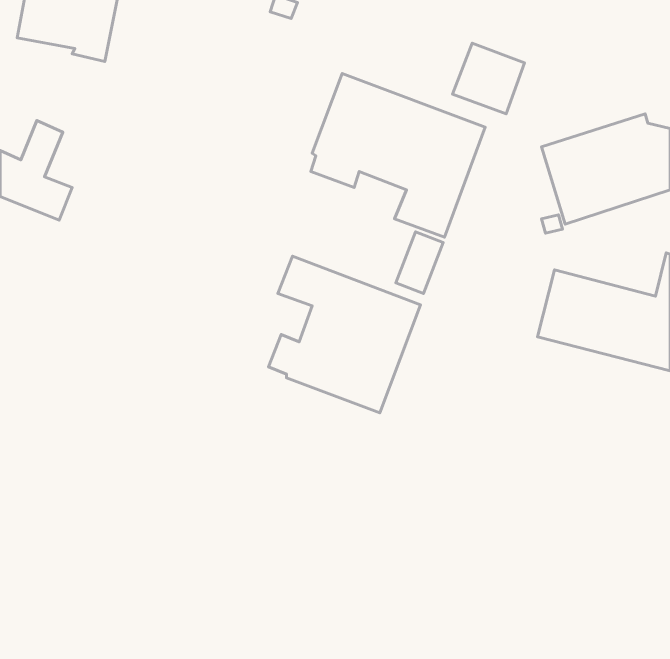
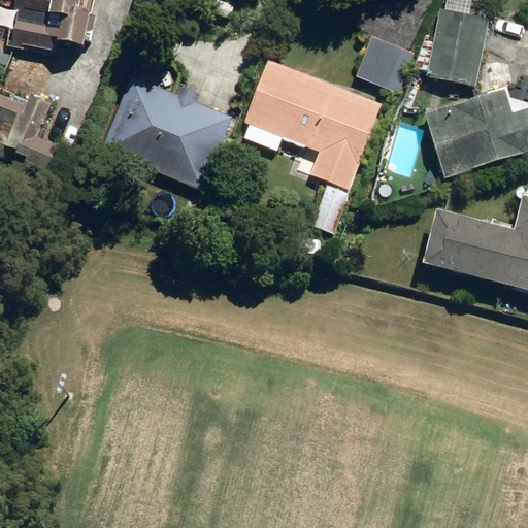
building: none -> [414,8,489,84]
building: none -> [102,74,231,188]
building: [269,256,420,413] -> none

